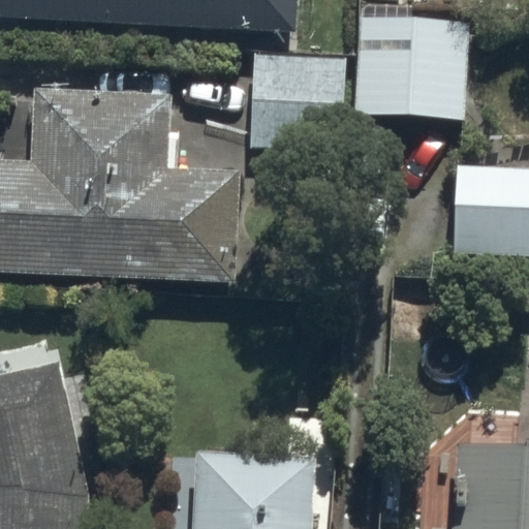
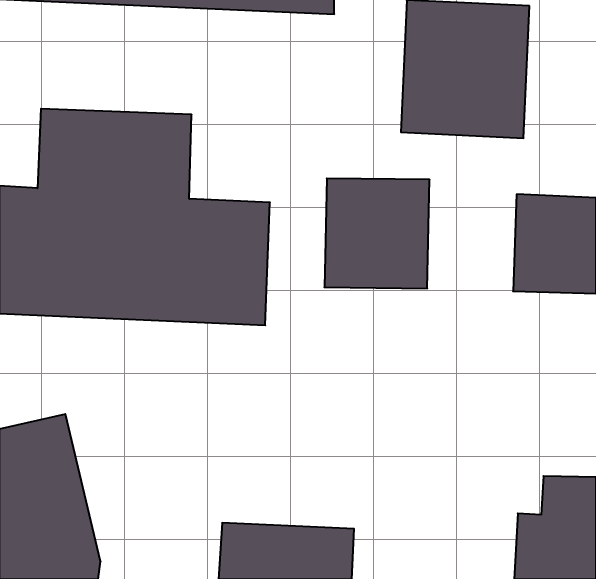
building: [249,55,342,152] -> [324,178,430,288]

